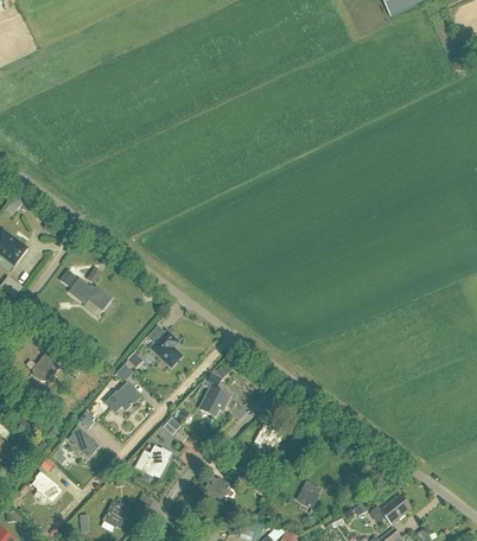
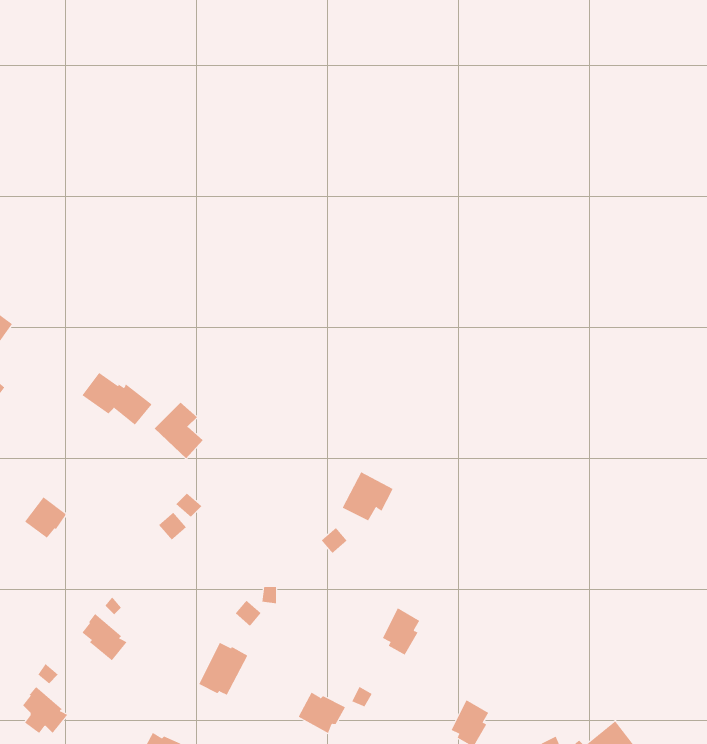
building: [150,330,180,365] -> [154,402,203,459]
building: [104,382,140,412] -> none
building: [197,386,229,416] -> [342,471,393,521]

